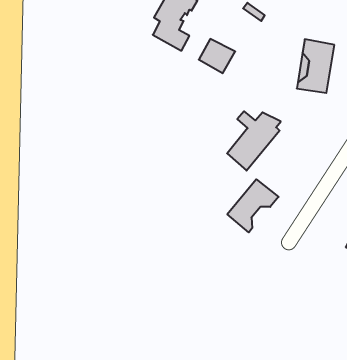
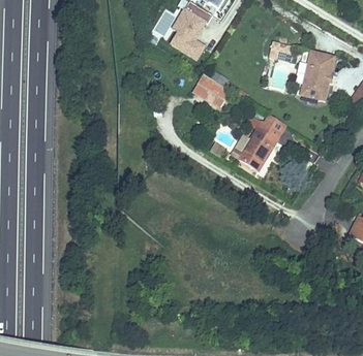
building: [199,39,235,73] -> [192,78,225,109]
building: [227,179,279,232] -> none

